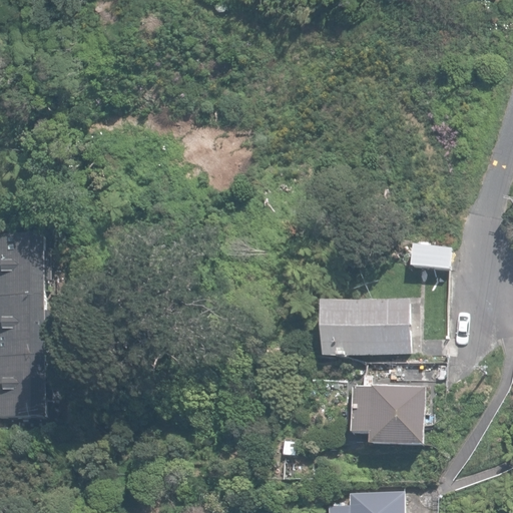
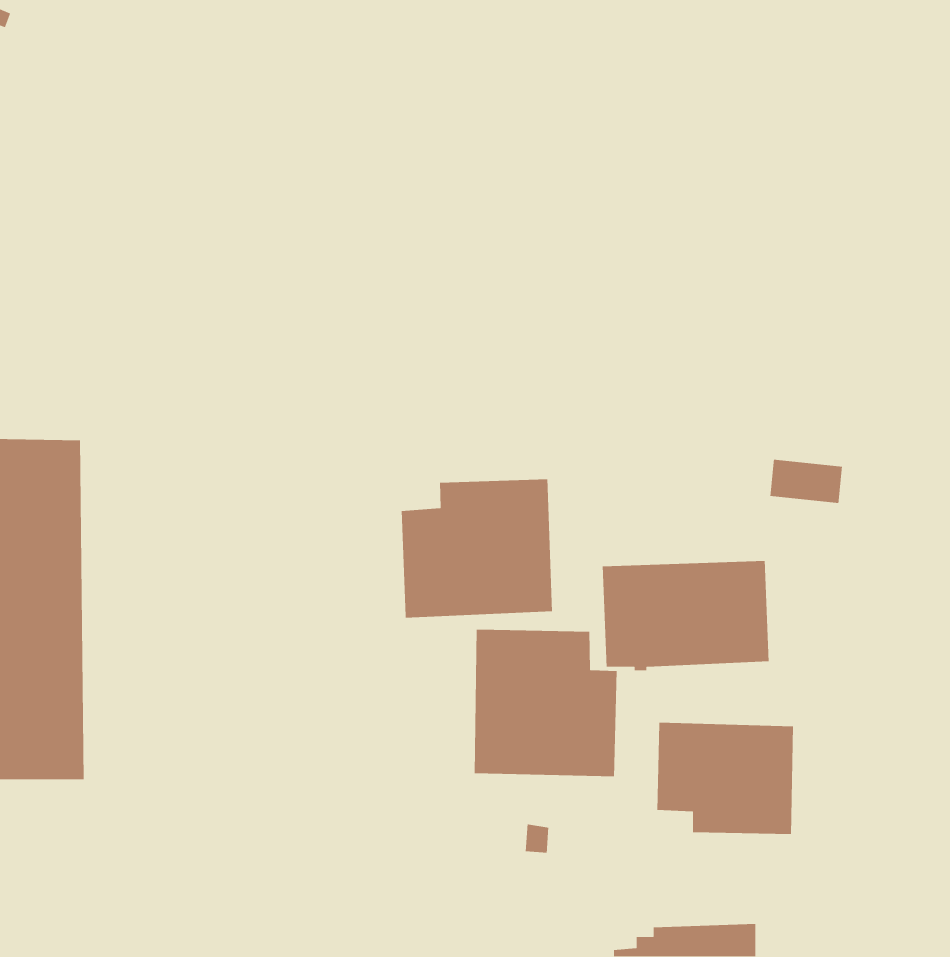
building: none -> [401,478,553,618]
building: none -> [474,629,617,777]

